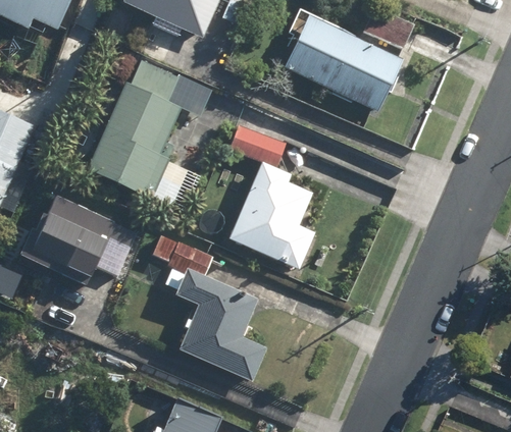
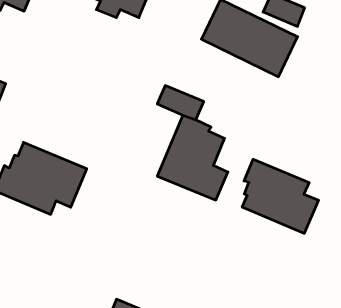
building: [88,57,211,198] -> none
building: none -> [242,159,318,233]
building: [175,266,267,381] -> none

